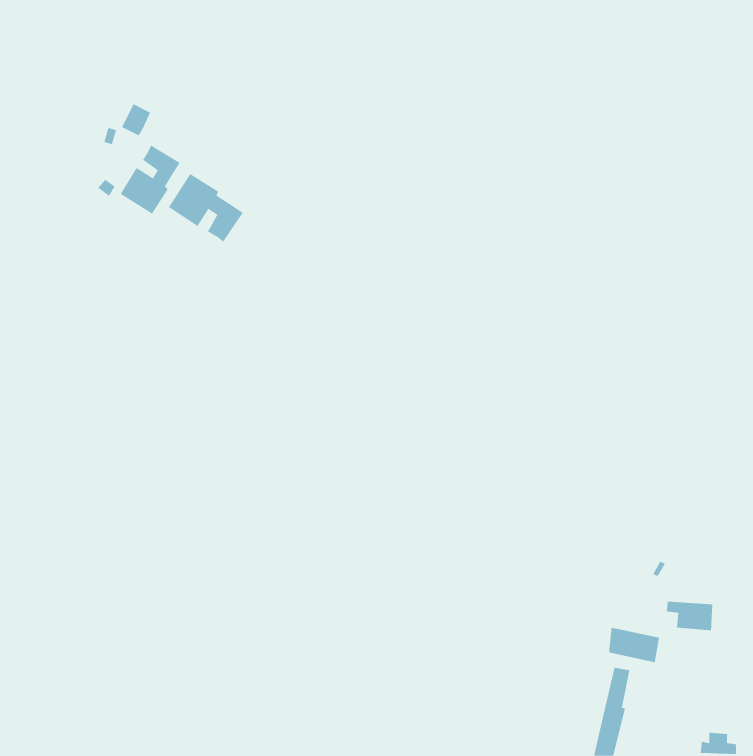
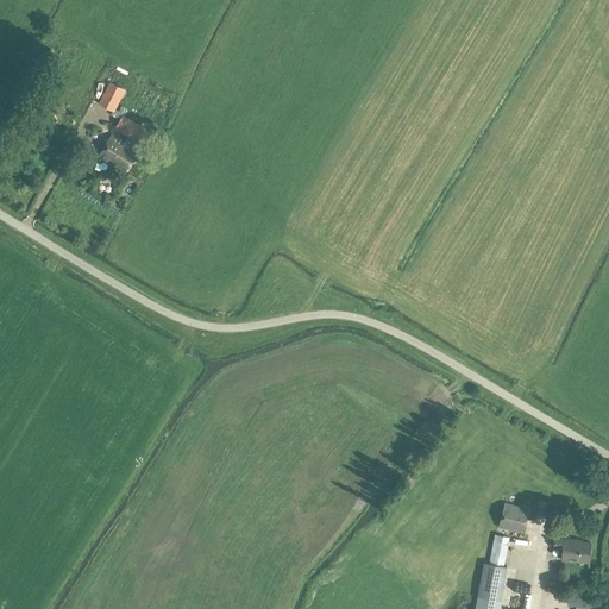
building: [168,173,244,243] -> none
building: [666,601,713,631] -> [551,539,589,563]

